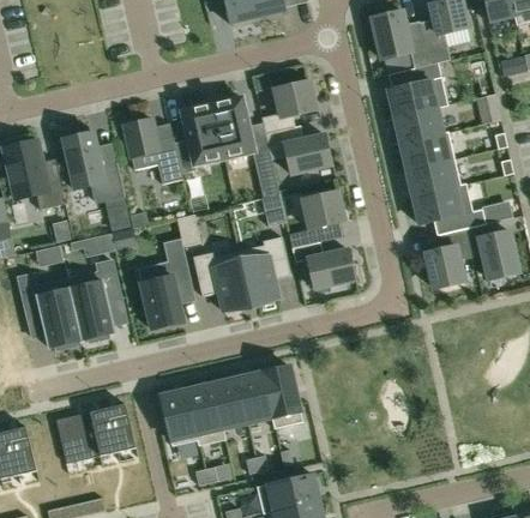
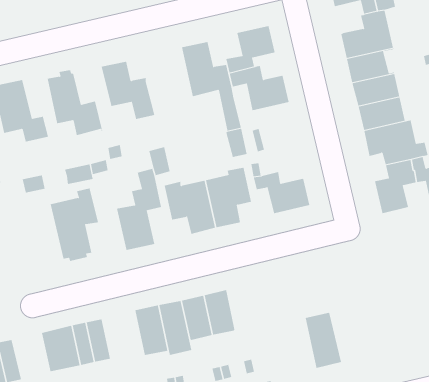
building: [174,103,224,173] -> none
building: [302,191,344,228] -> none
building: [18,272,82,348] -> none
building: [263,366,303,428] -> [305,312,342,369]

